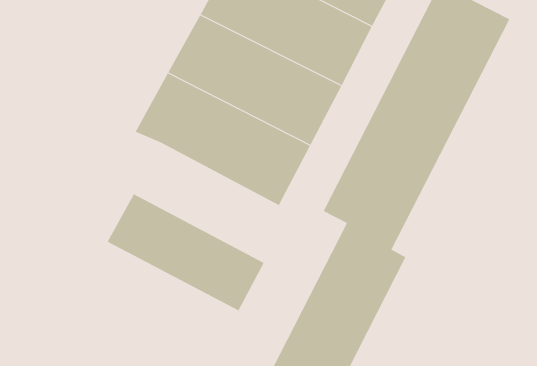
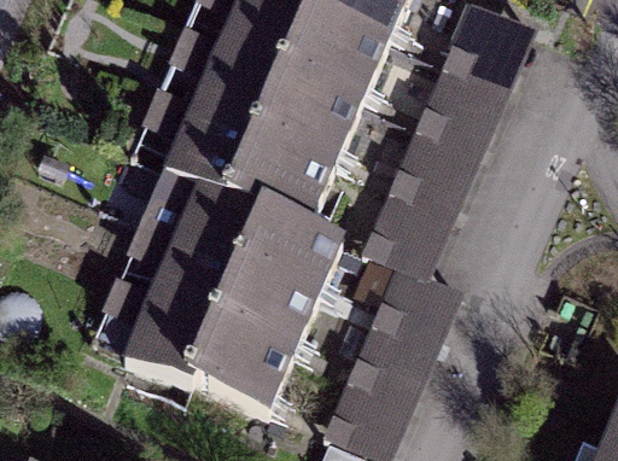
building: none -> [167,198,332,309]
building: none -> [124,307,290,416]

